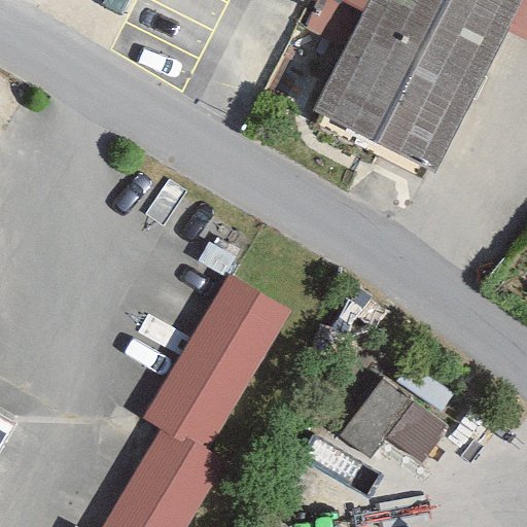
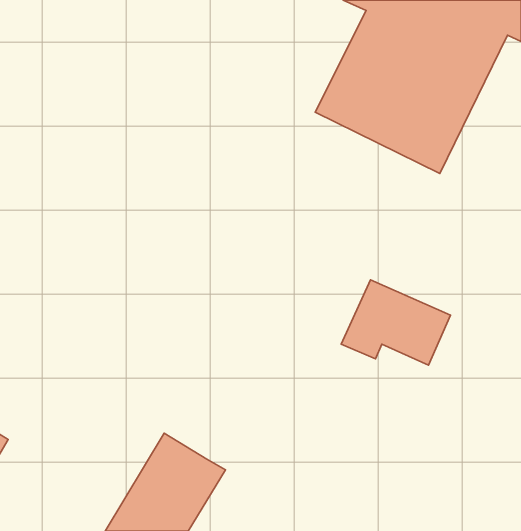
building: [145,282,286,455] -> none
building: [336,367,444,452] -> [341,280,450,365]

